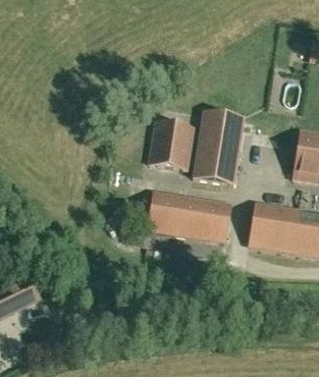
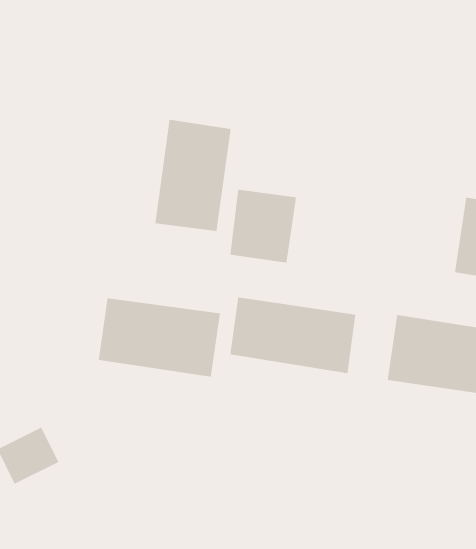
building: [193,113,242,184] -> [154,119,232,232]
building: none -> [98,298,221,377]

